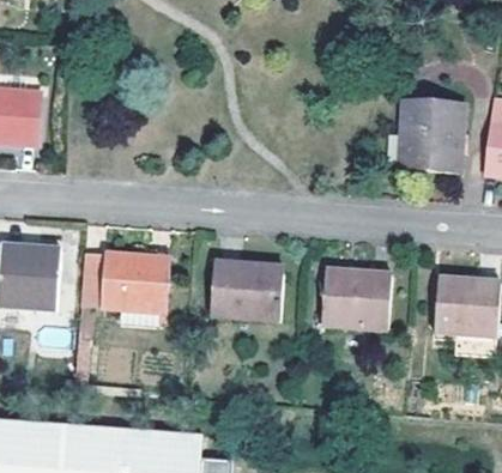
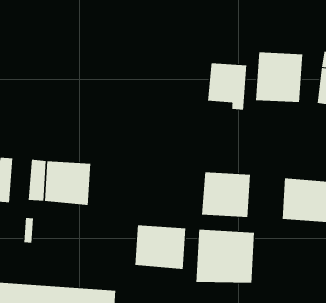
building: none -> [207,63,247,110]
building: [212,261,284,323] -> [135,225,186,270]
building: none -> [196,229,255,284]

